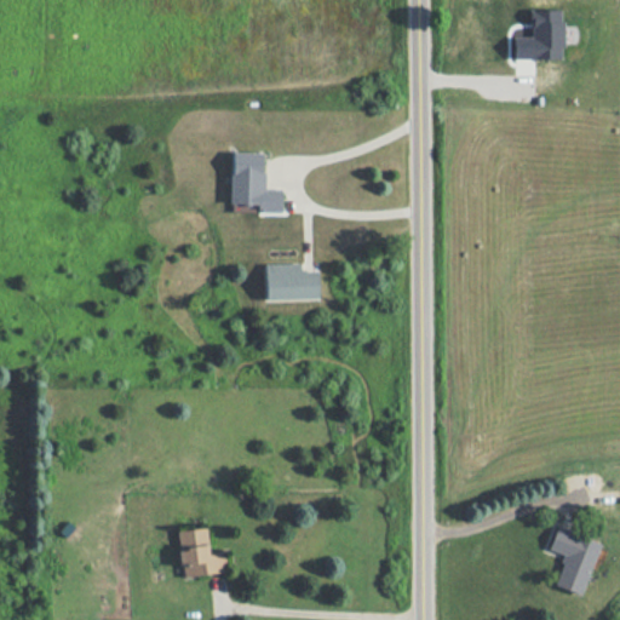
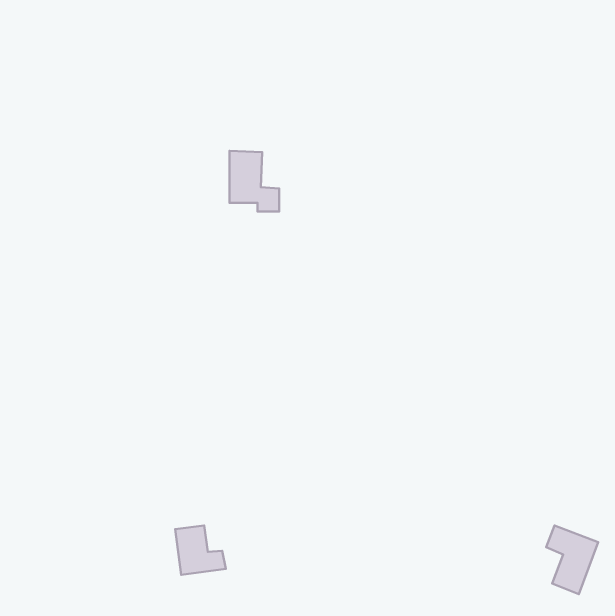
building: [515,10,564,61] -> none
building: [265,264,320,302] -> none

